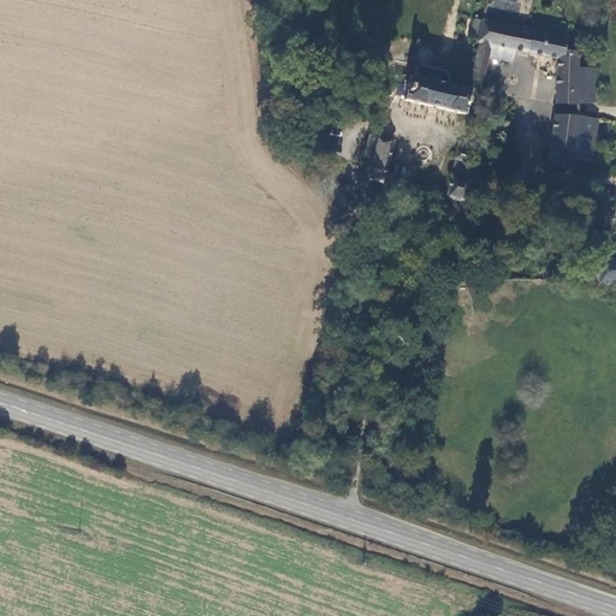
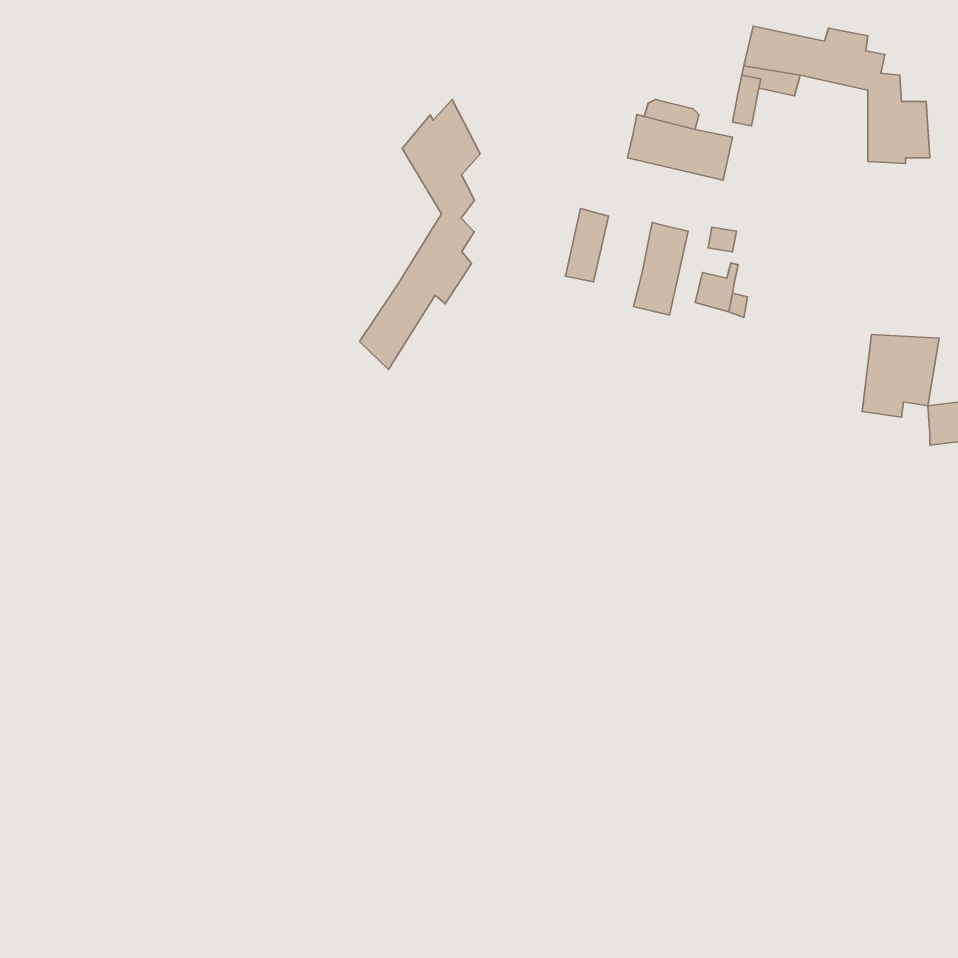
building: none -> [359,99,480,369]
building: [549,114,598,167] -> [862,334,939,417]
building: none -> [634,222,688,315]

